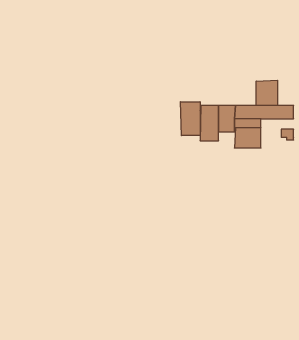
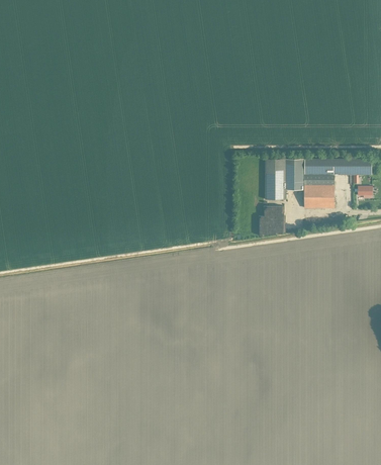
building: [256,80,278,105] -> none
building: [180,102,200,136] -> none

